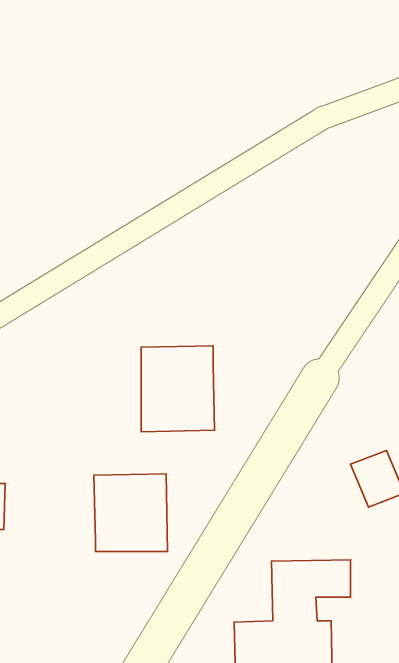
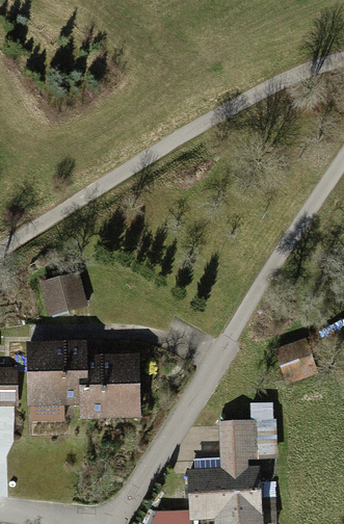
building: [141,346,215,432] -> [29,345,84,410]
building: none -> [43,278,85,312]

